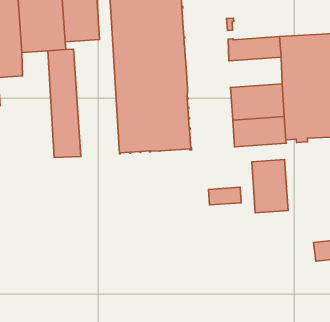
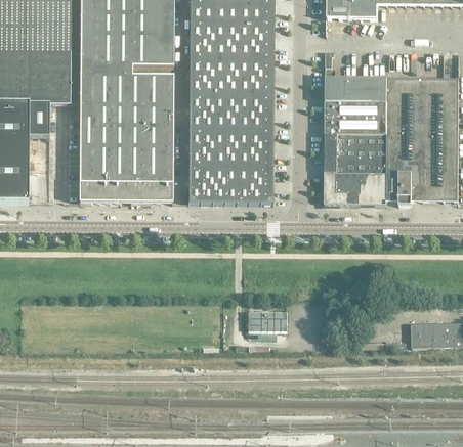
building: none -> [141,75,173,203]
building: none -> [79,75,111,202]
building: none -> [325,101,387,133]
building: [252,160,288,213] -> none
building: [208,187,241,205] -> [248,311,286,329]

